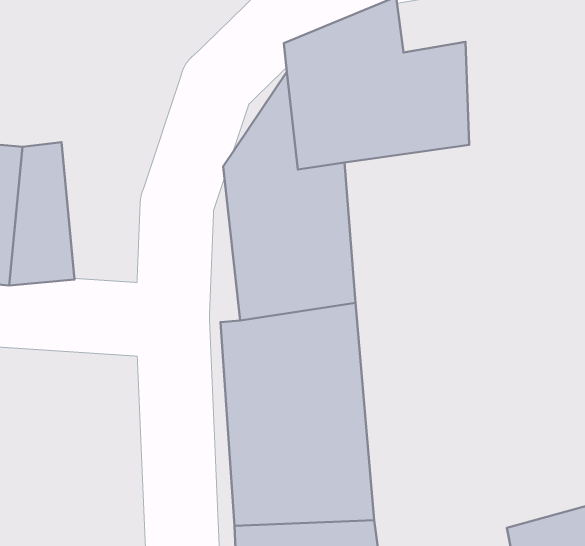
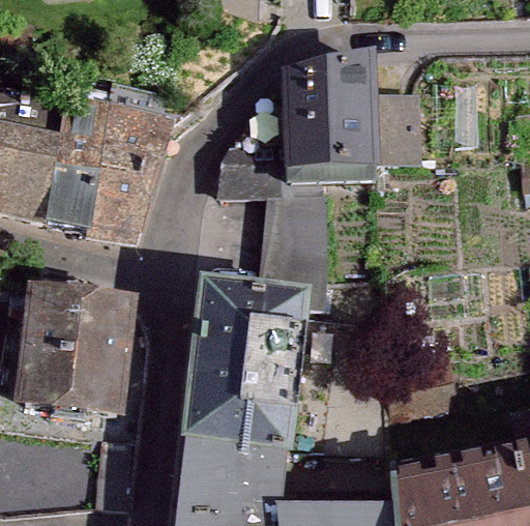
building: none -> [90,123,154,241]
building: none -> [19,286,135,417]

